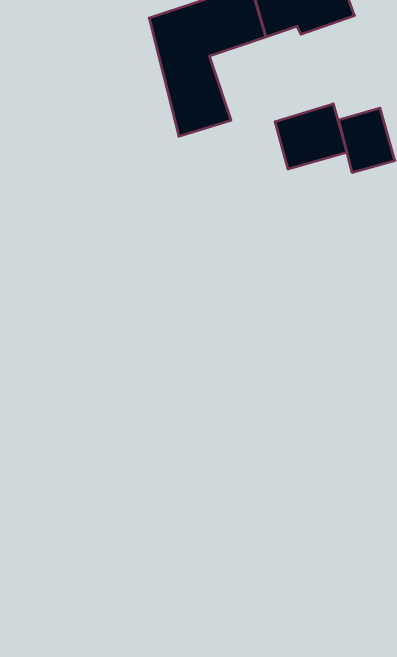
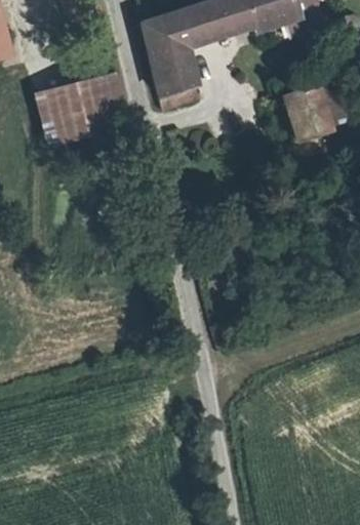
building: none -> [46,71,132,139]
building: [275,104,347,169] -> none

